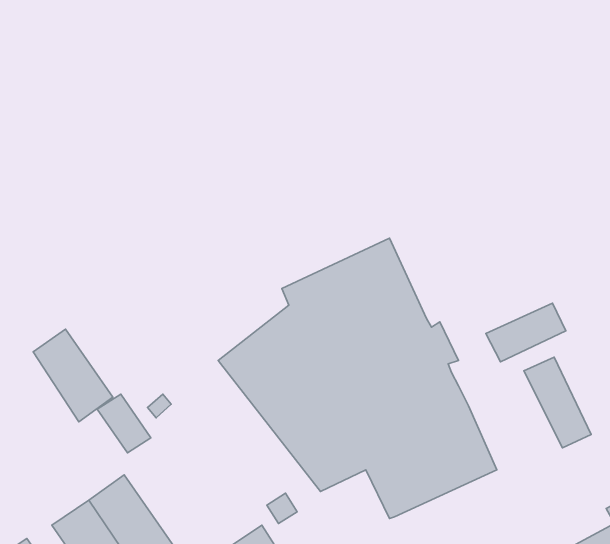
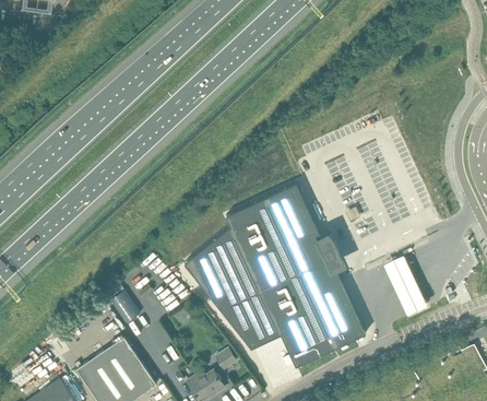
building: [486,303,566,362] -> none
building: [33,329,113,422] -> none

